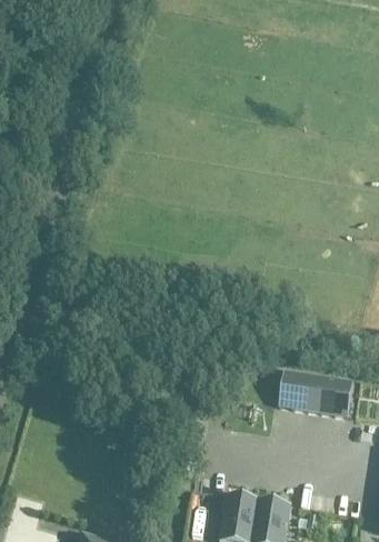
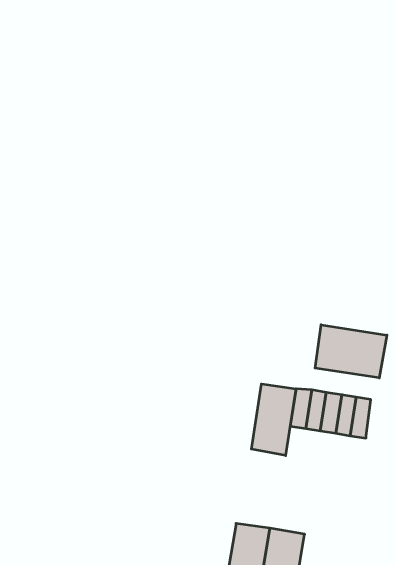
building: none -> [315,325,387,378]
building: none -> [251,384,296,456]

